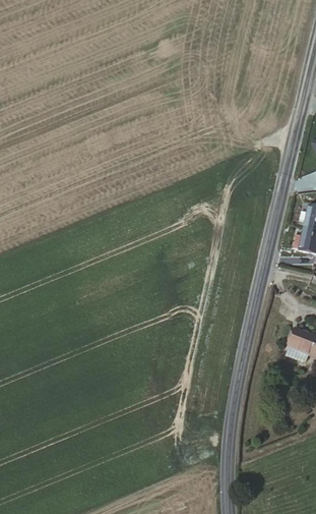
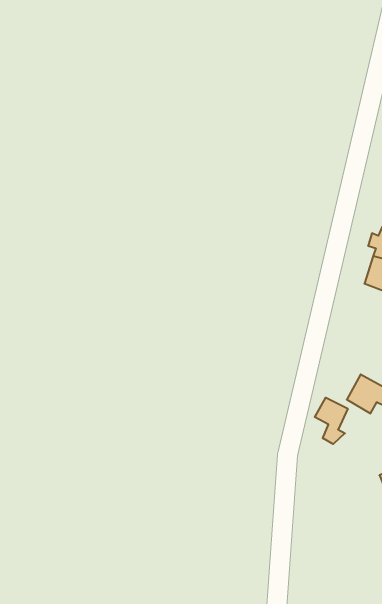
building: none -> [315,398,348,444]

